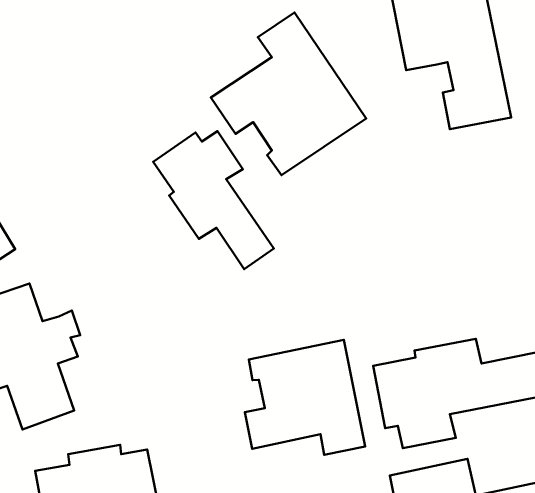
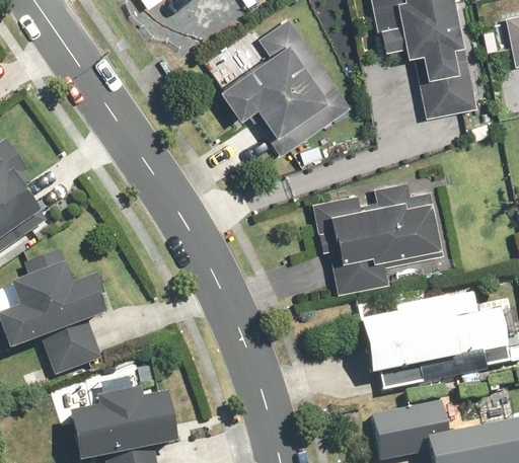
building: [153,131,274,269] -> none
building: none -> [312,182,442,295]
building: [245,340,365,455] -> none

